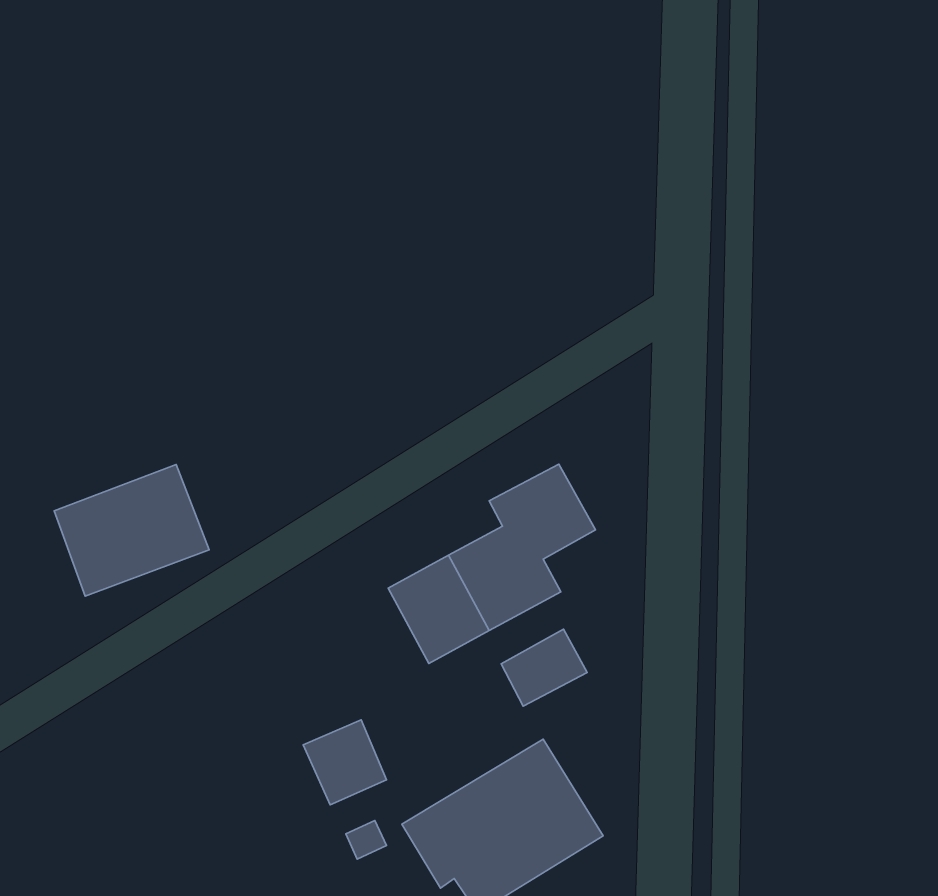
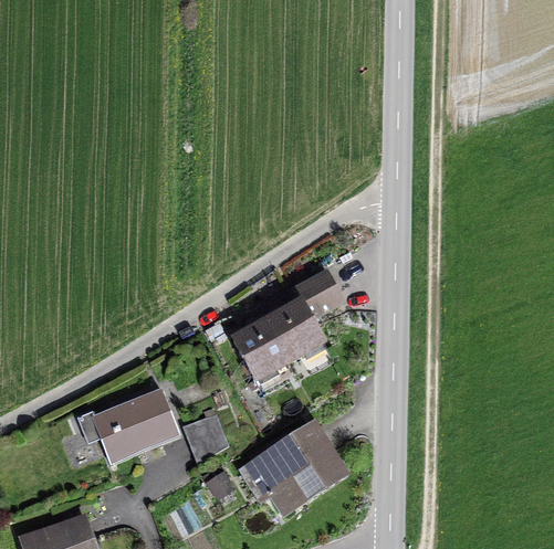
building: [54,465,209,596] -> [90,384,178,460]
building: [501,629,587,706] -> none

